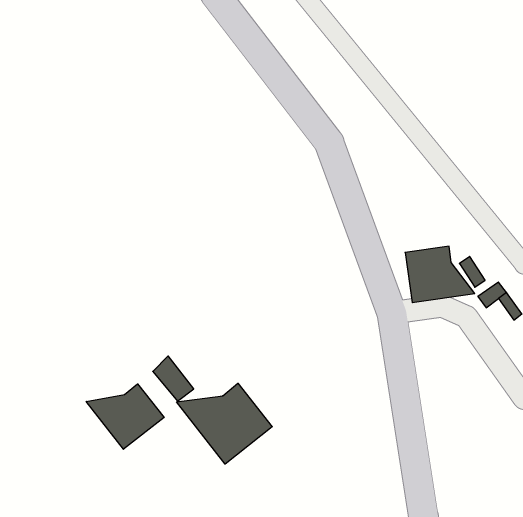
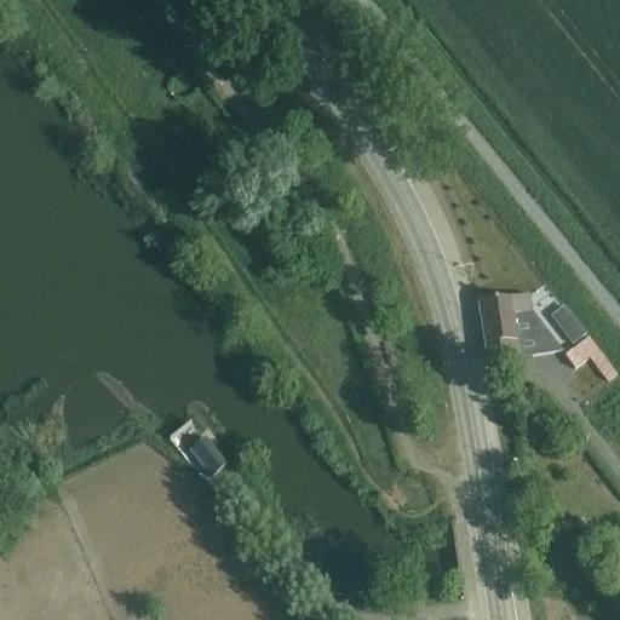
building: [177,383,272,464] -> none
building: [86,384,164,449] -> none

